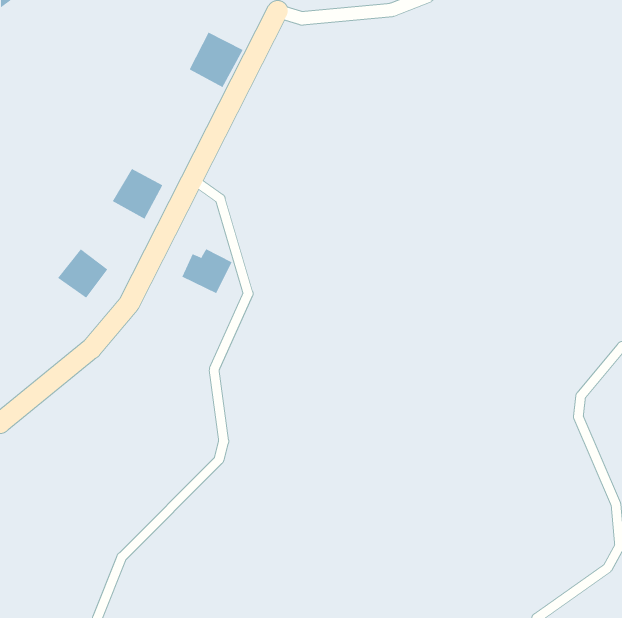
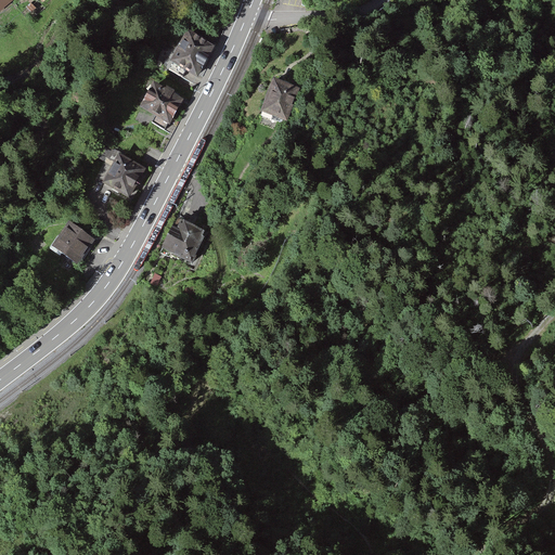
building: none -> [258,76,302,120]
building: none -> [138,79,184,128]

